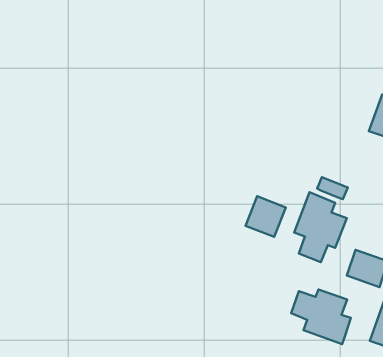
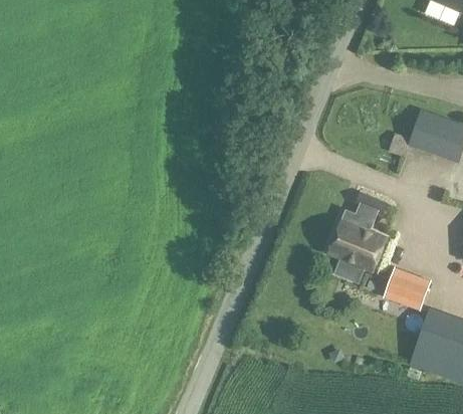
building: [245,196,286,237] -> none
building: [291,289,351,344] -> none

